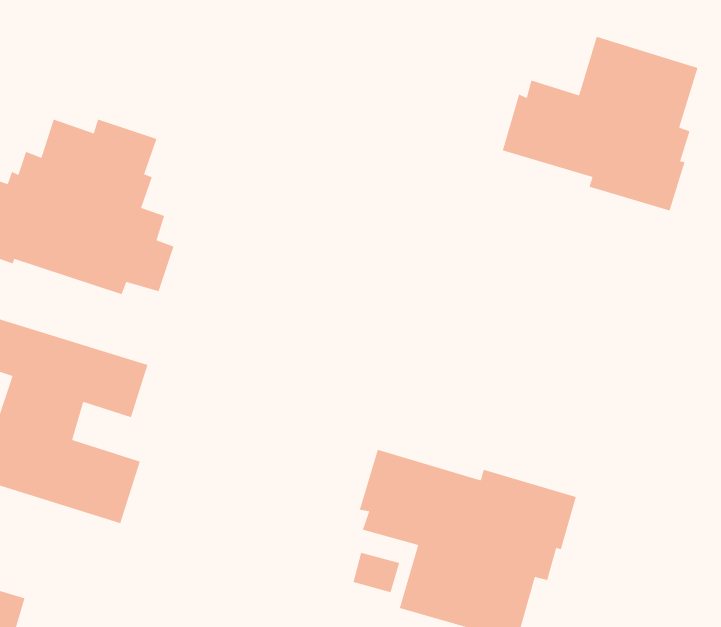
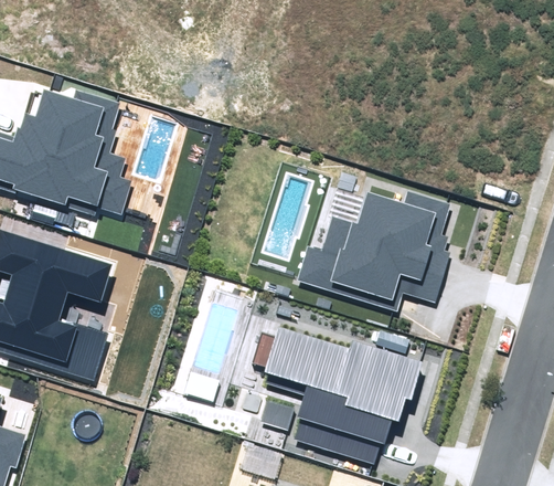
building: [502,36,698,212] -> none
building: none -> [296,190,448,309]

